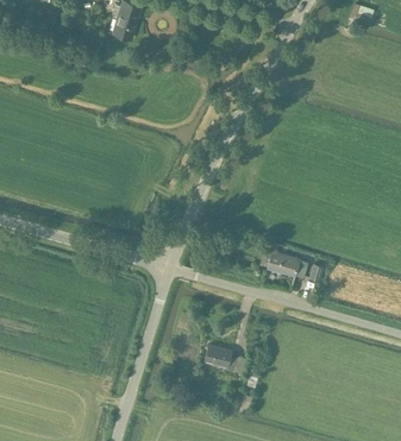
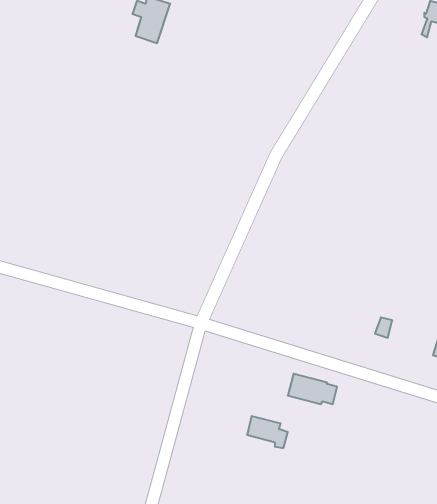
building: [268,250,308,275] -> [288,374,337,404]

